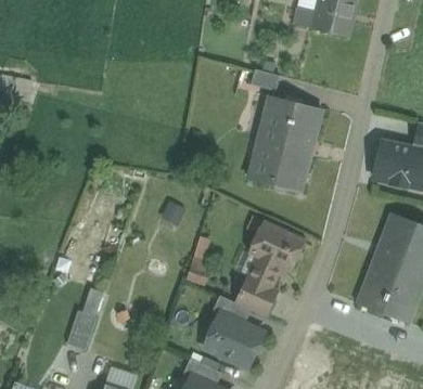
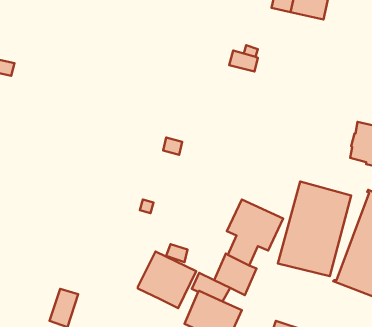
building: [246,95,321,192] -> [278,182,351,276]
building: none -> [138,251,196,308]

